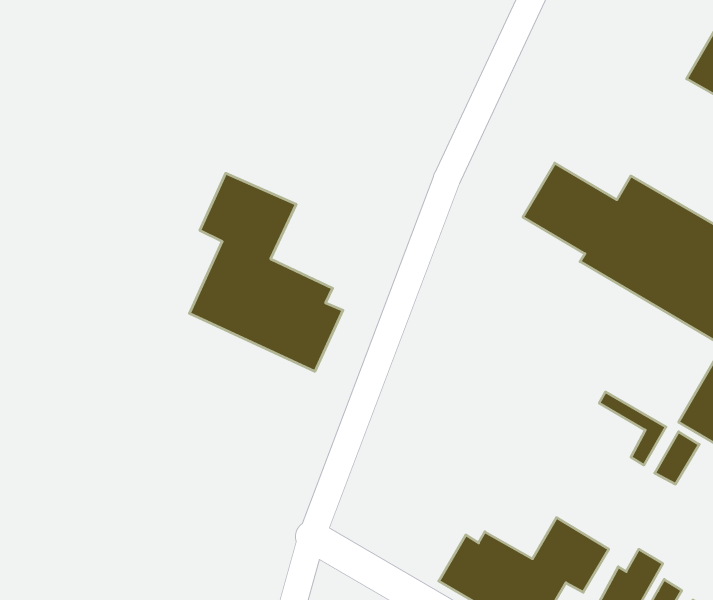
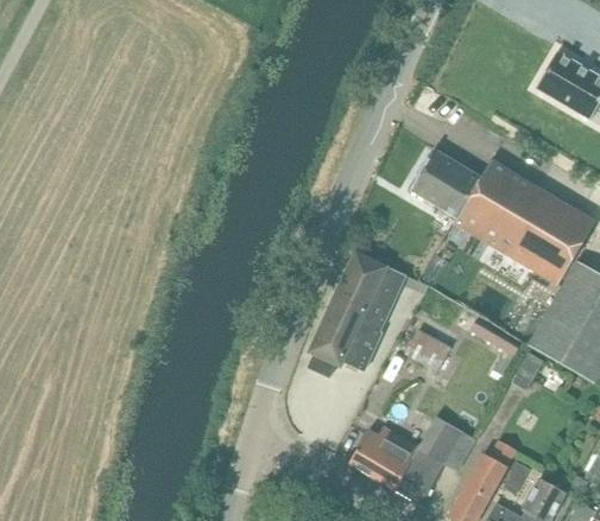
building: [189,173,343,371] -> none
building: none -> [307,252,406,377]
building: none -> [403,330,450,371]

